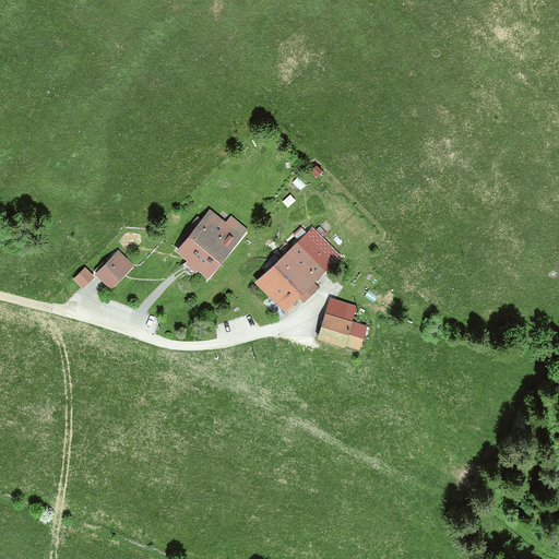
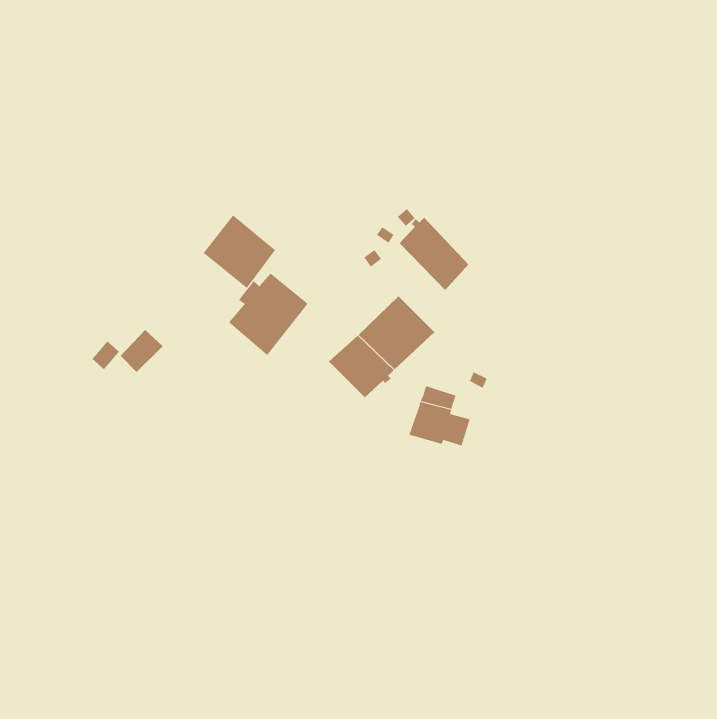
building: none -> [203,214,276,289]
building: none -> [399,217,469,291]

